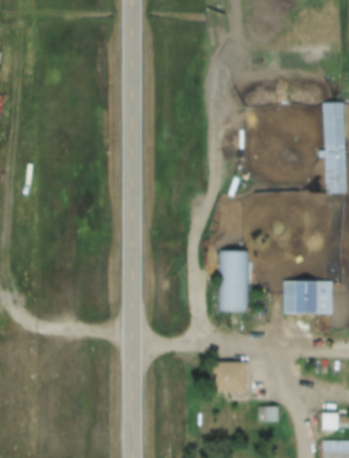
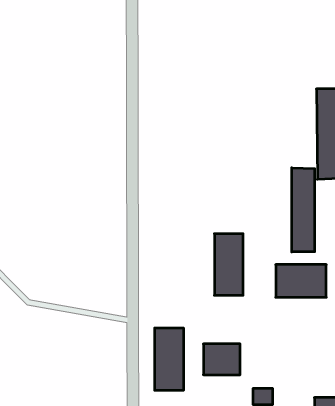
building: none -> [292,168,315,252]
building: none -> [155,328,183,390]

